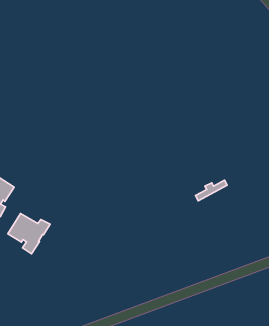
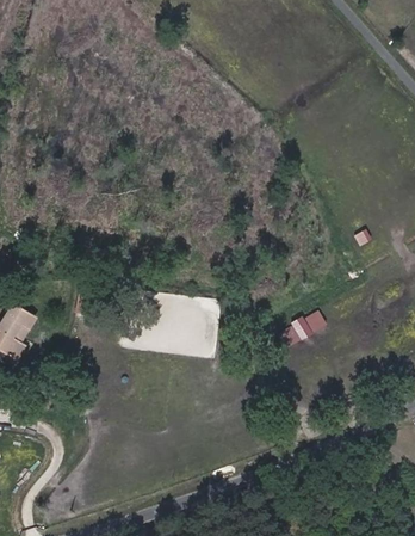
building: [8,213,50,254] -> none

